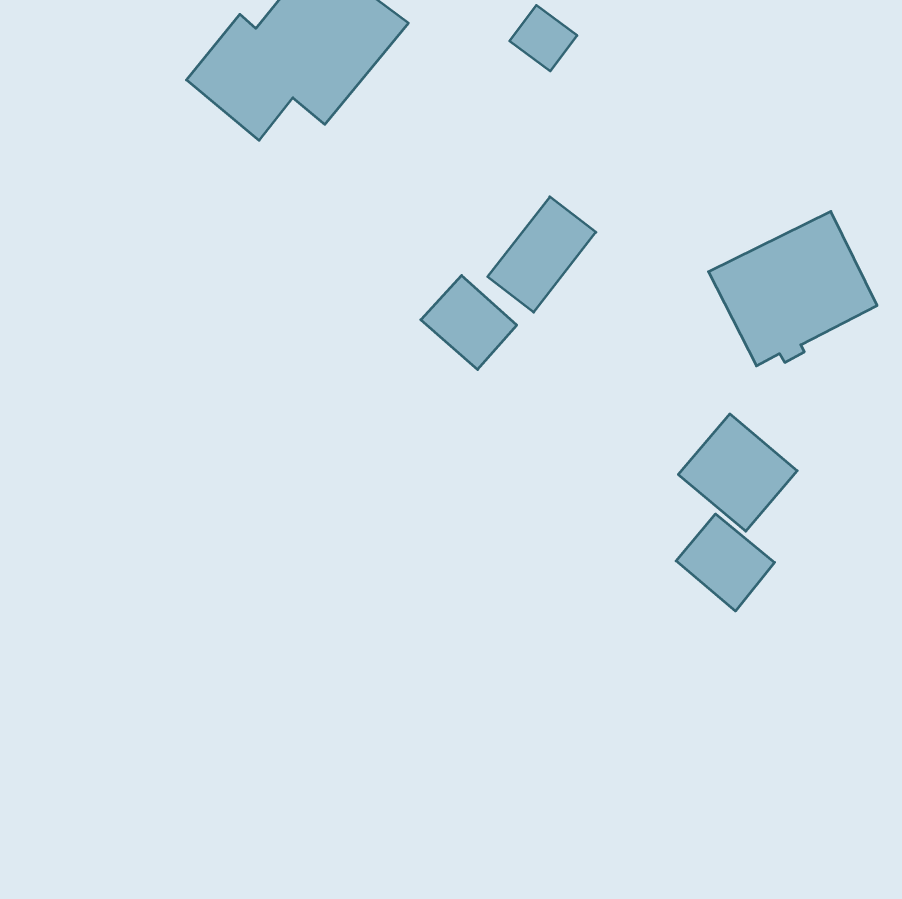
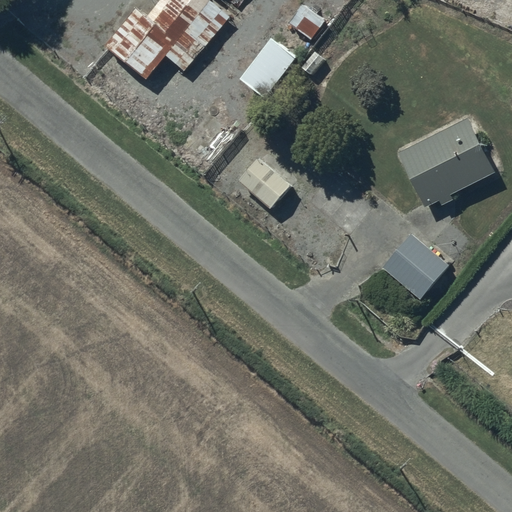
building: [488,197,596,312] -> [239,35,300,100]
building: [676,514,775,611] -> none

